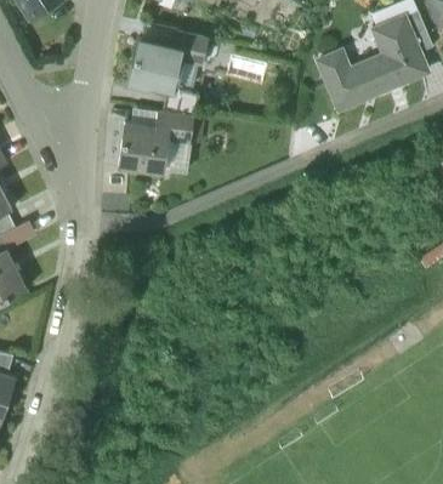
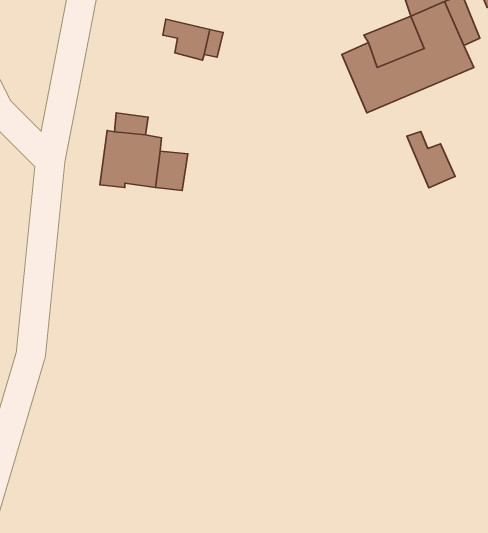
building: [129,38,182,90] -> none
building: [155,113,194,143] -> none
building: none -> [407,131,455,188]

